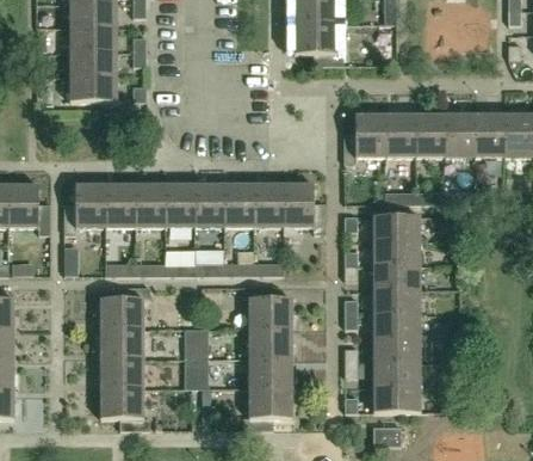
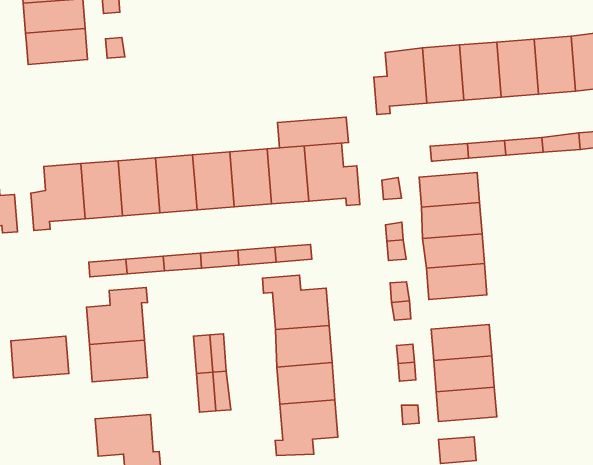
building: none -> [277,117,348,148]
building: [373,313,420,337] -> none
building: [100,357,144,387] -> [11,336,69,378]

